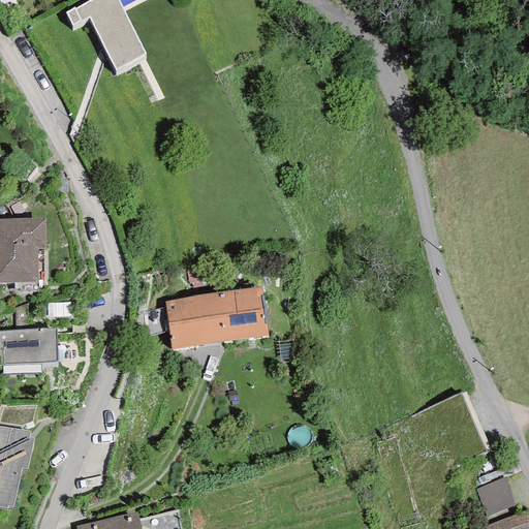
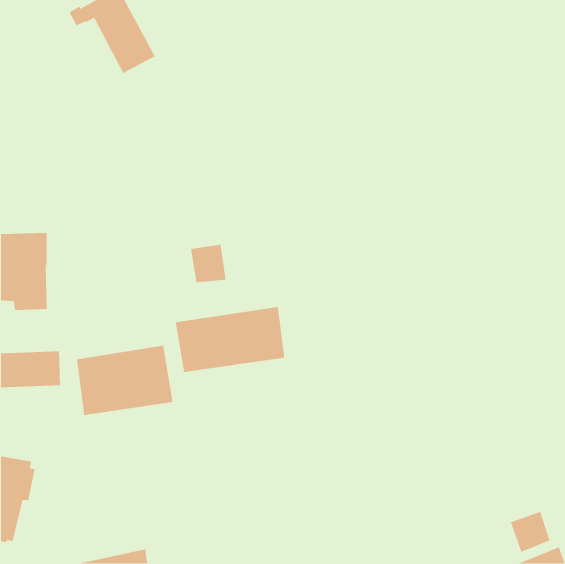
building: none -> [190,244,227,283]
building: none -> [76,345,173,416]

